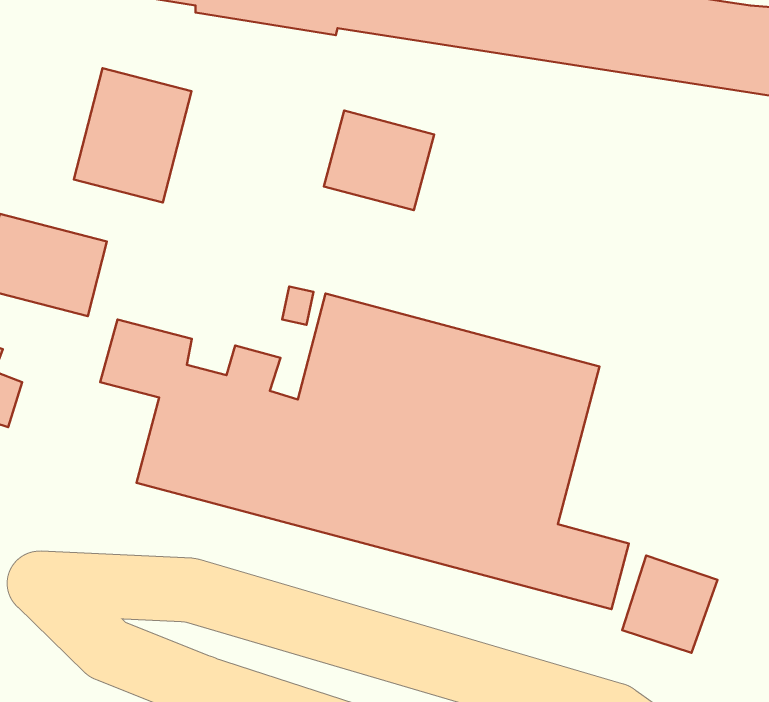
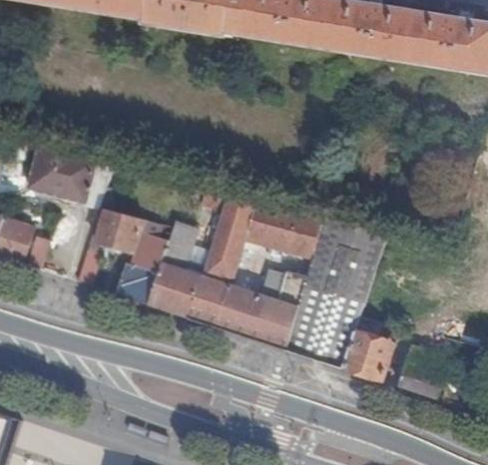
building: [74,68,191,202] -> none
building: [324,110,434,210] -> none

